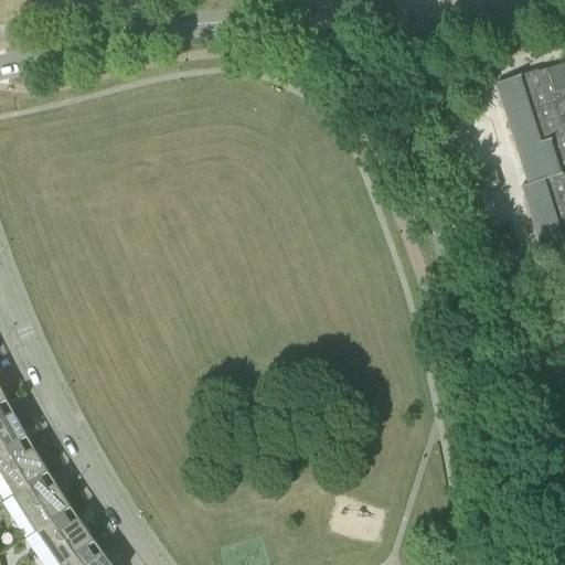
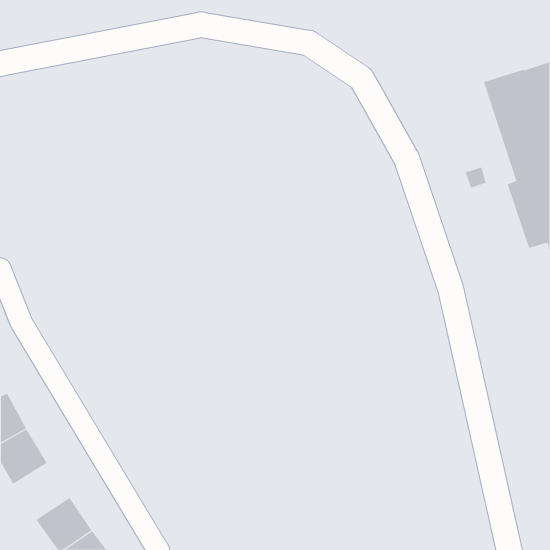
building: [13,475,72,533] -> none

